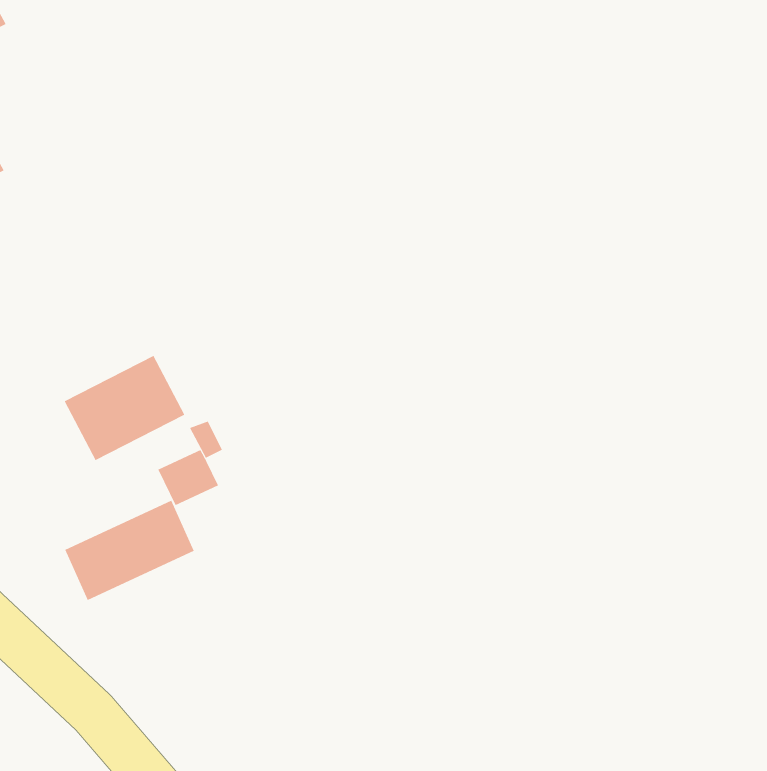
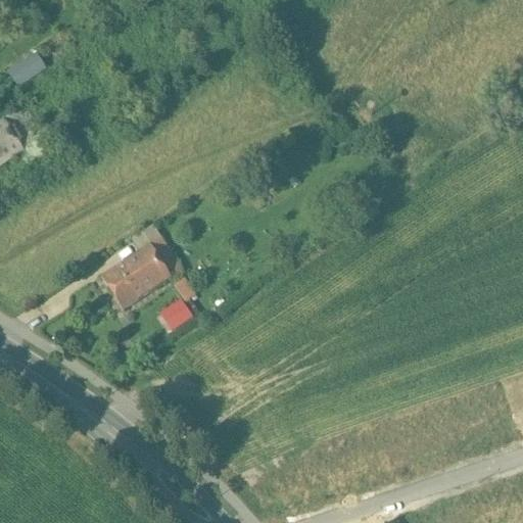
building: [65,500,194,601] -> none

